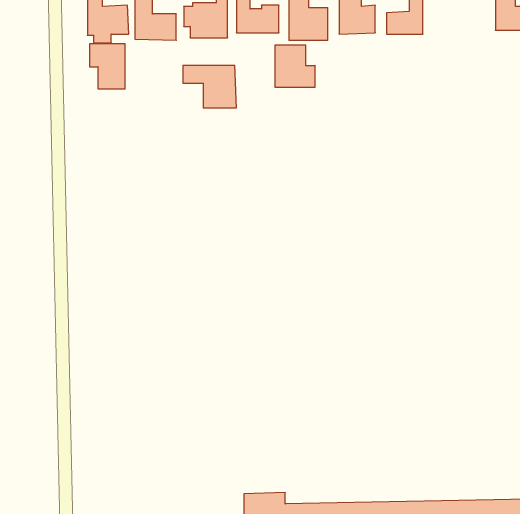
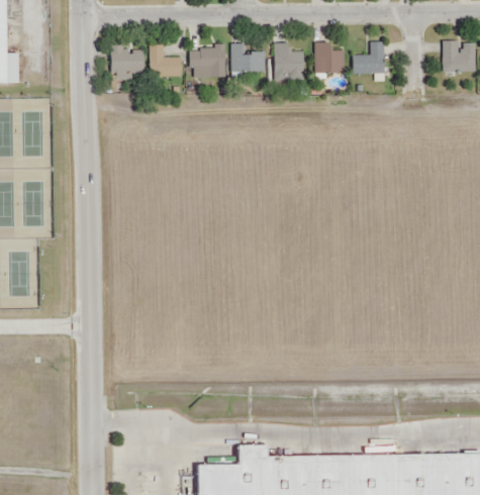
building: [90,44,125,89] -> none
building: [275,45,315,87] -> none
building: [183,65,236,108] -> none

